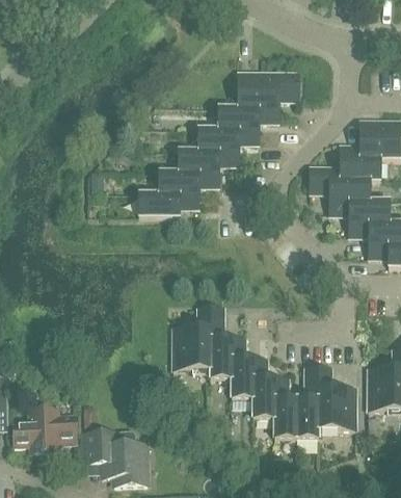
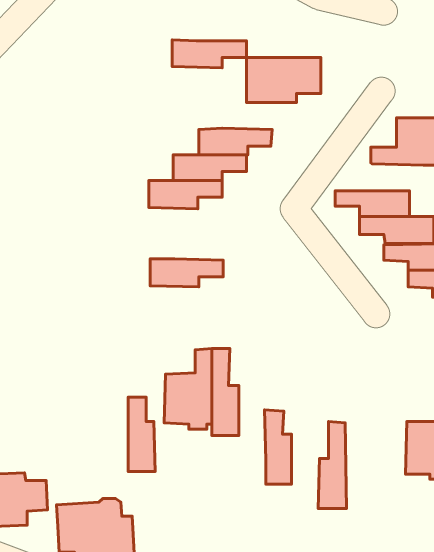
building: [218,106,278,129] -> [172,40,246,68]
building: [310,157,381,179] -> none
building: [139,192,198,215] -> [150,259,223,287]
building: [232,337,253,397] -> [128,397,155,471]
building: [318,367,355,433] -> none
building: [274,376,297,437] -> none

